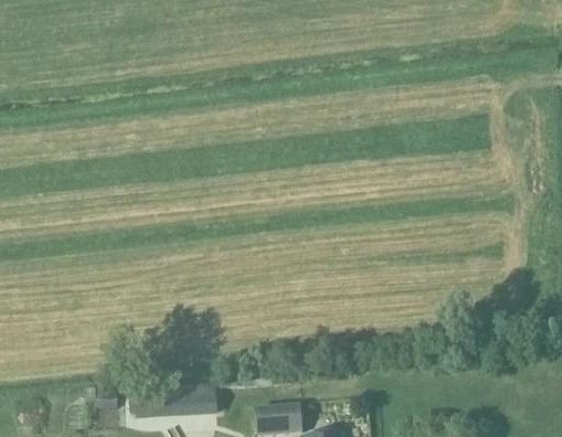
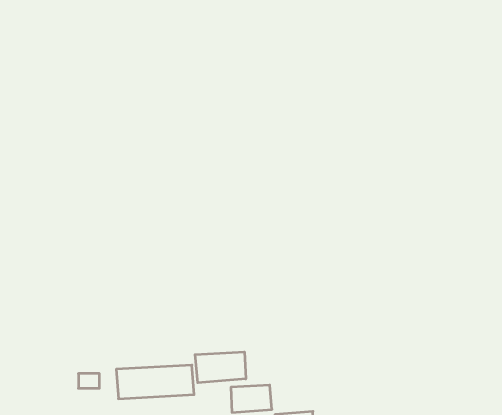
building: none -> [195,352,246,383]

